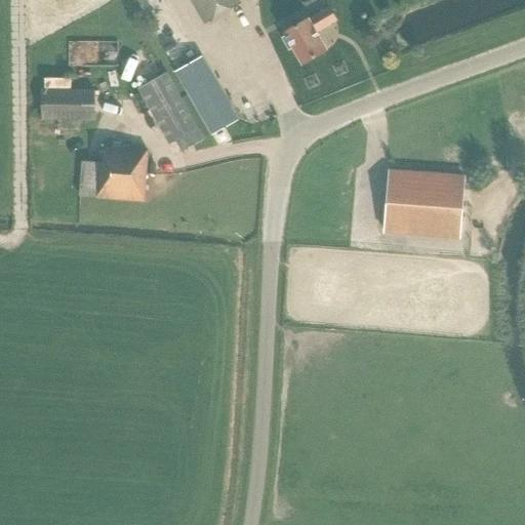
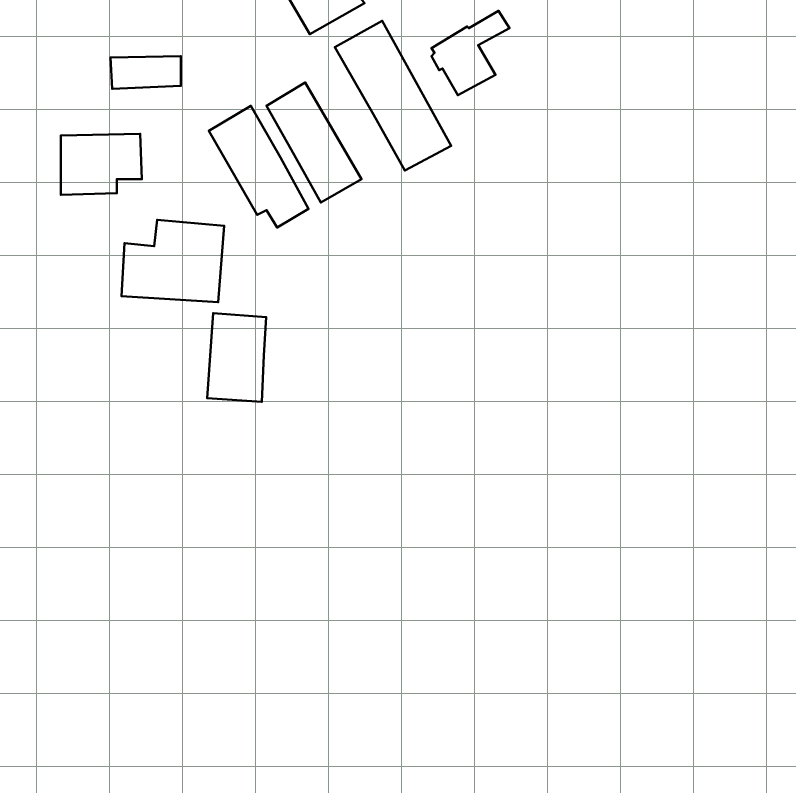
building: none -> [335,21,451,171]
building: [383,170,463,237] -> none
building: none -> [207,313,266,402]

